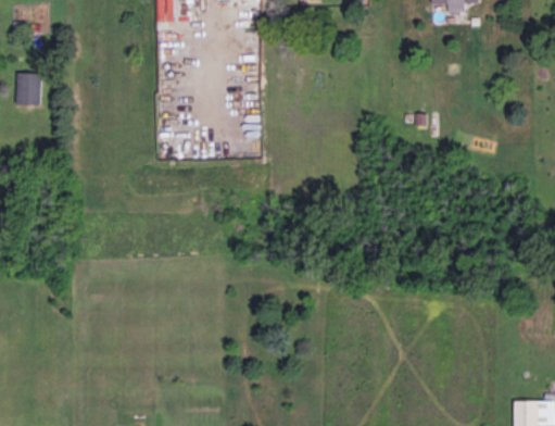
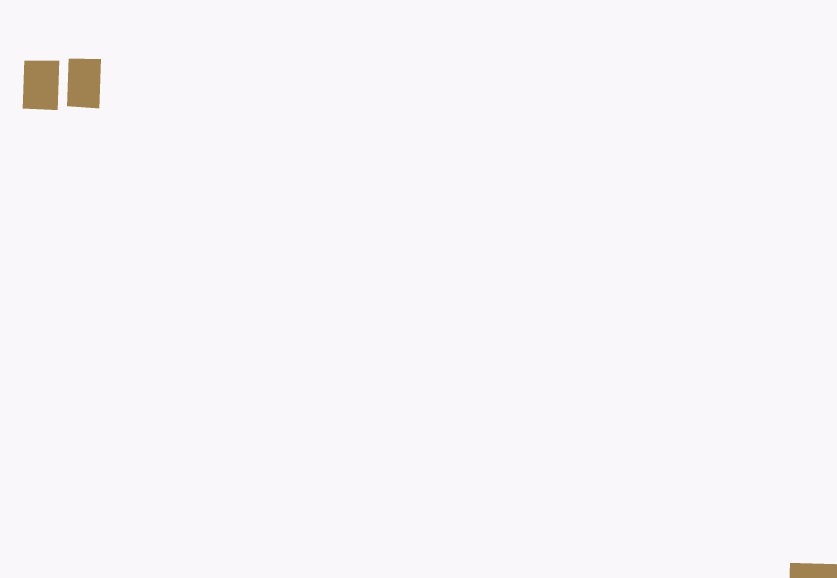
building: none -> [67,58,101,109]

